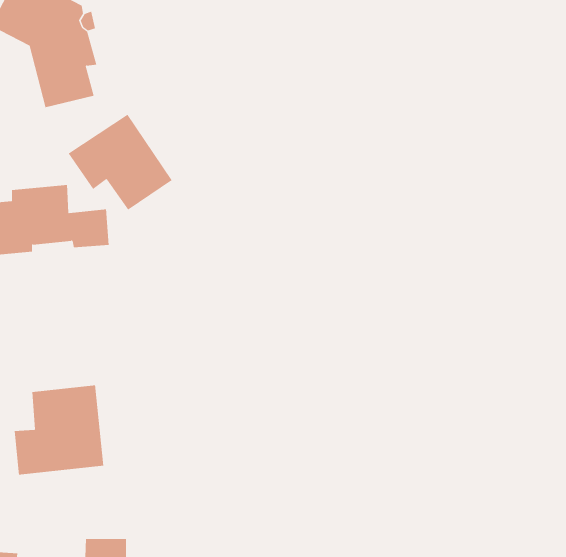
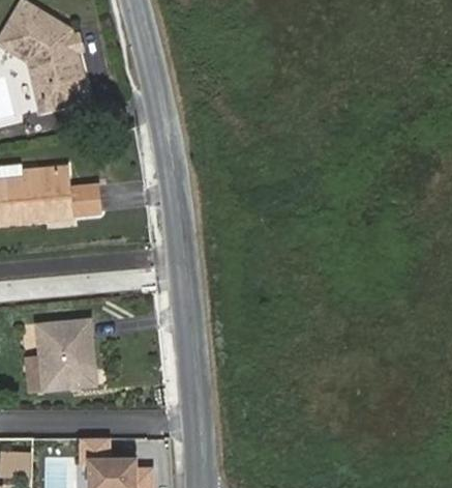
building: [68,114,173,210] -> none

